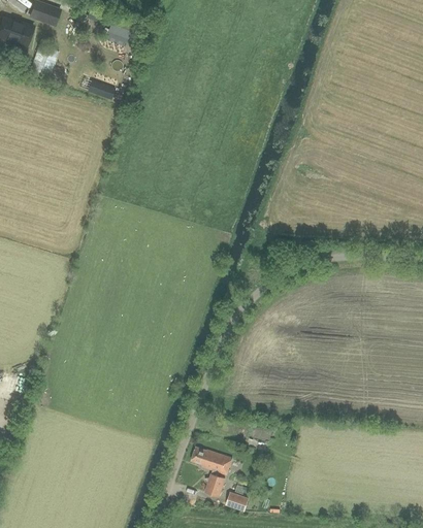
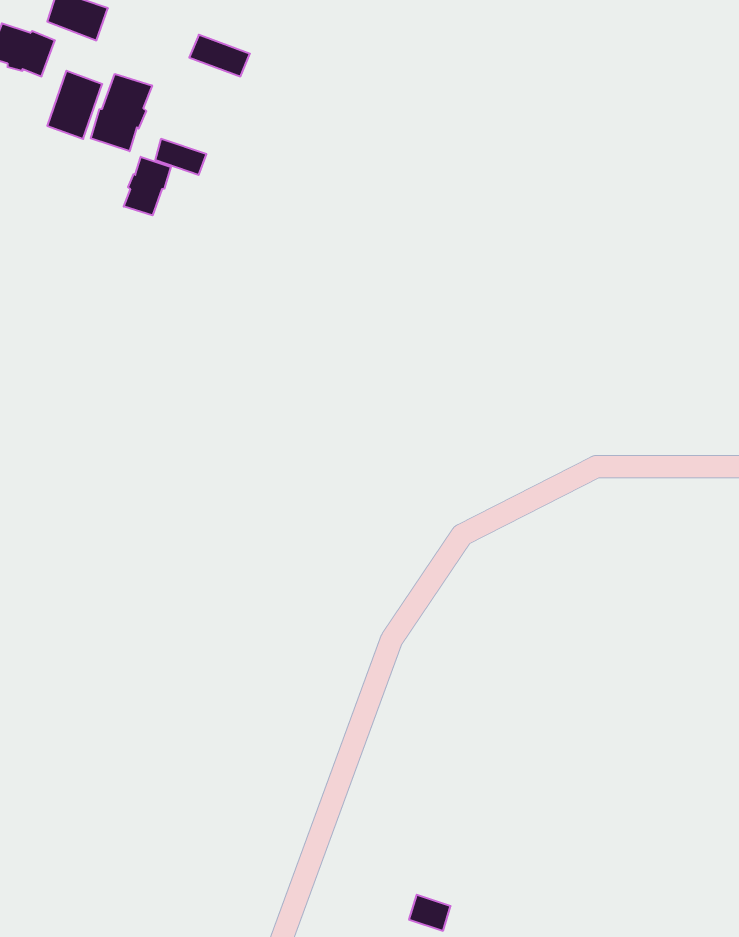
building: none -> [91,74,152,151]
building: none -> [124,157,171,215]
building: [191,447,232,495] -> none

